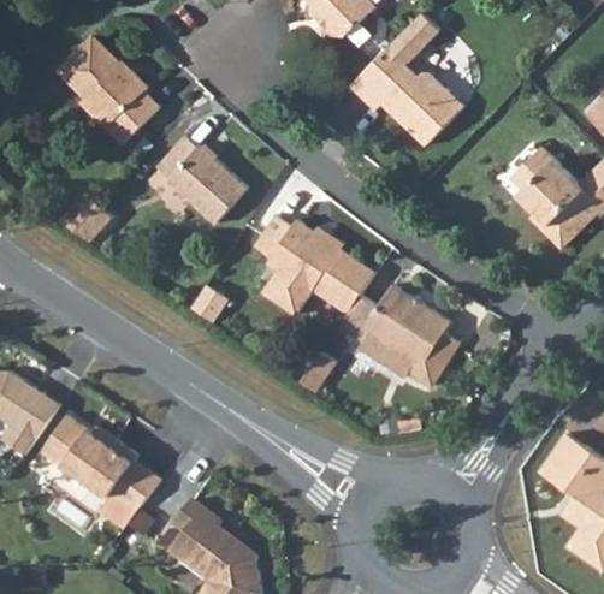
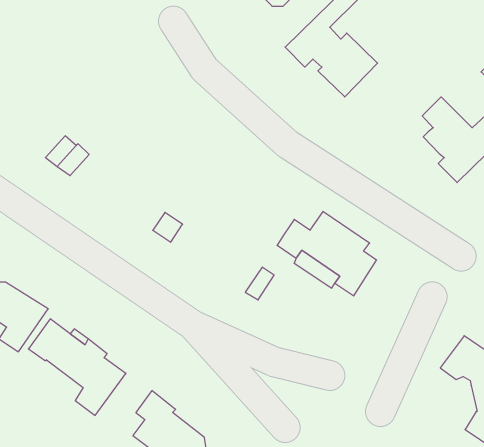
building: [57,34,158,143] -> none
building: [155,137,245,225] -> none
building: [253,213,377,314] -> none

